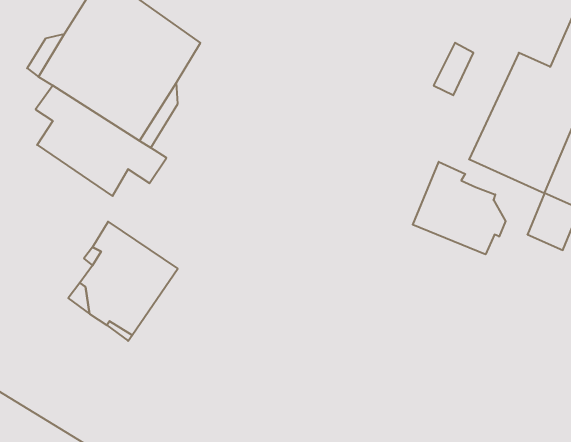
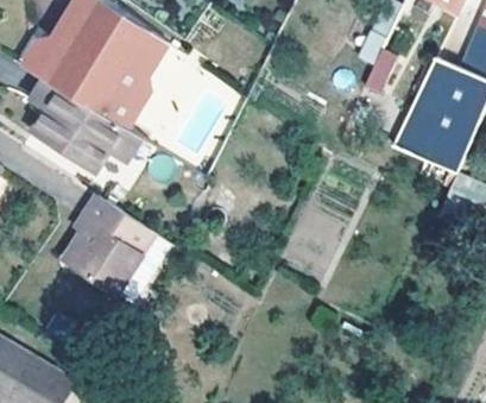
building: [413,162,506,254] -> none

